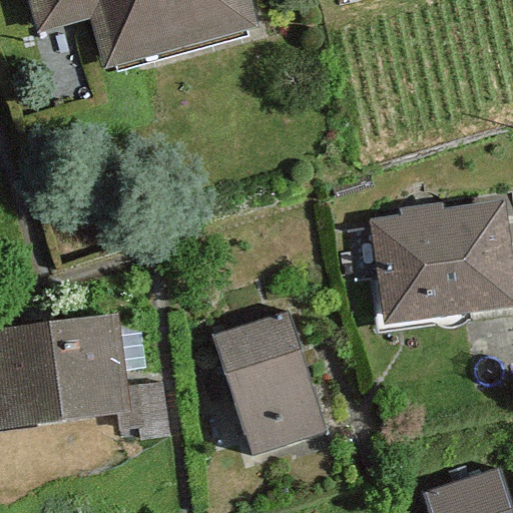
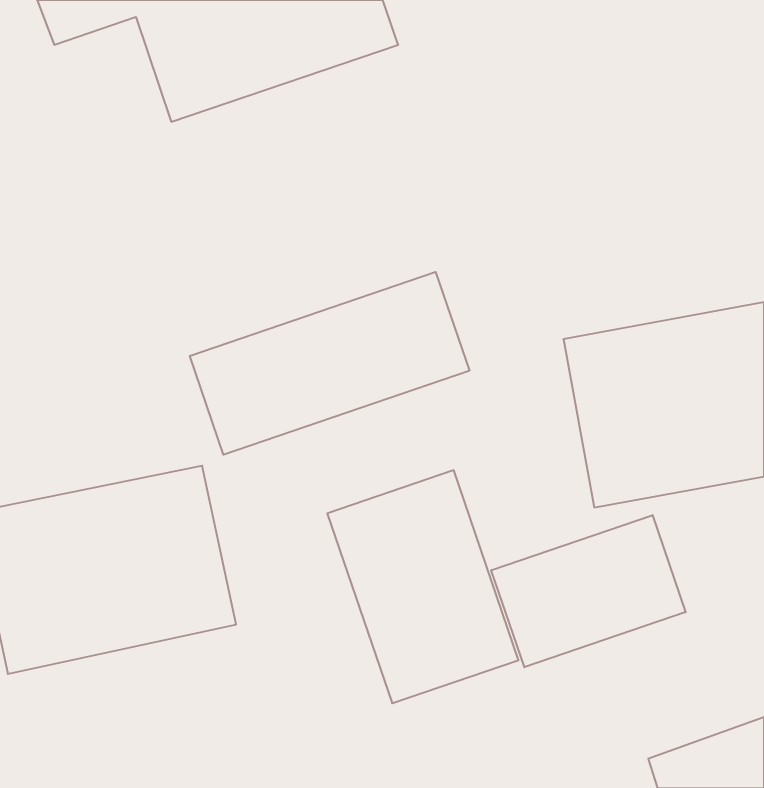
building: none -> [190,272,469,455]
building: none -> [491,515,686,667]

